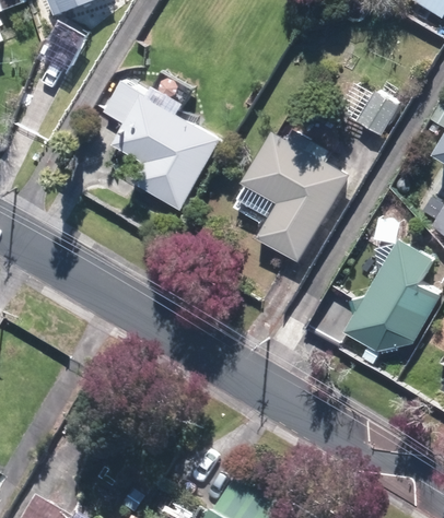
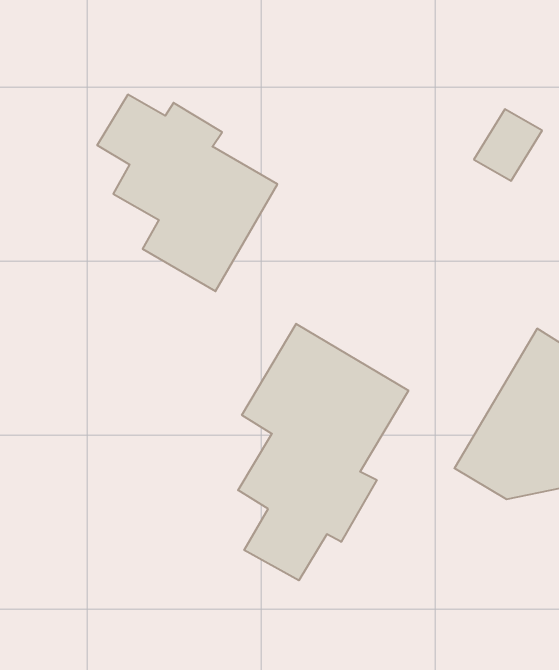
building: [237,111,351,262] -> none
building: none -> [238,324,408,580]

